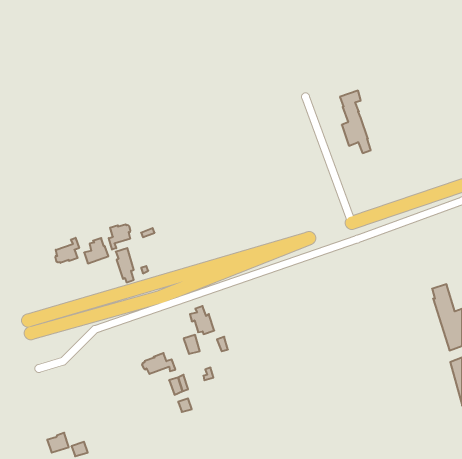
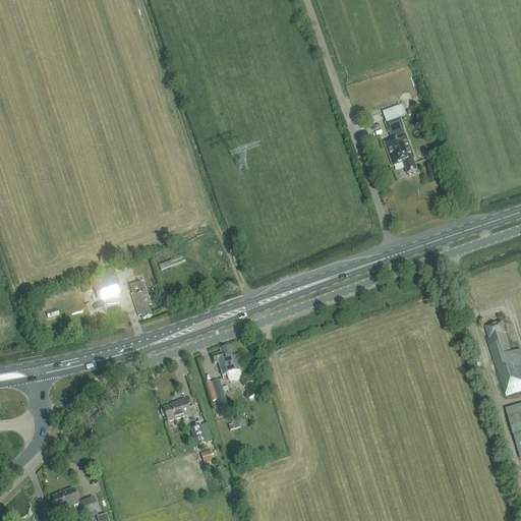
building: [109,224,130,250] -> none
building: [55,238,79,263] -> none

